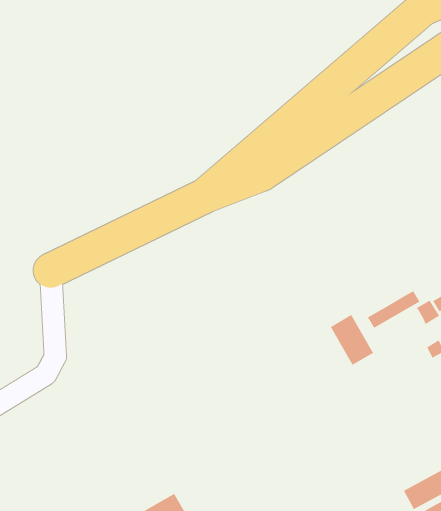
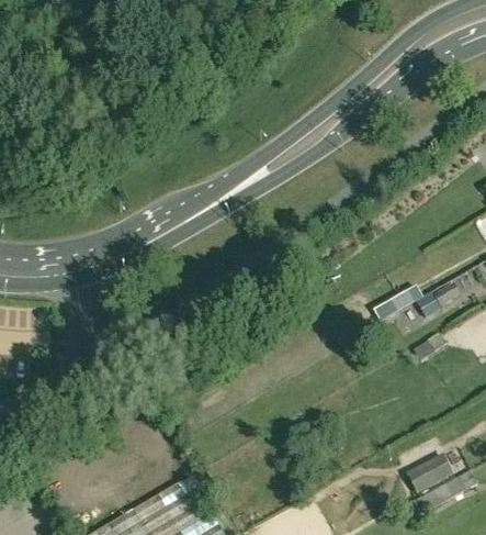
building: [330,314,374,366] -> none

